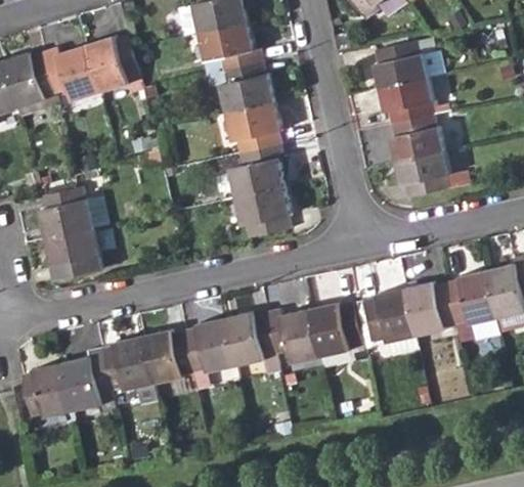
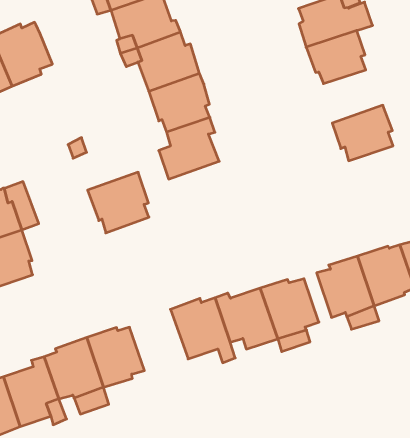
building: [389,116,443,162] -> none
building: [235,185,291,238] -> [88,172,149,233]
building: [183,318,234,387] -> none

